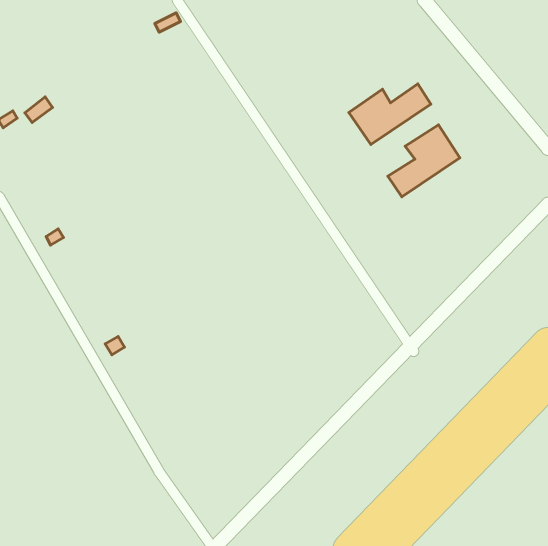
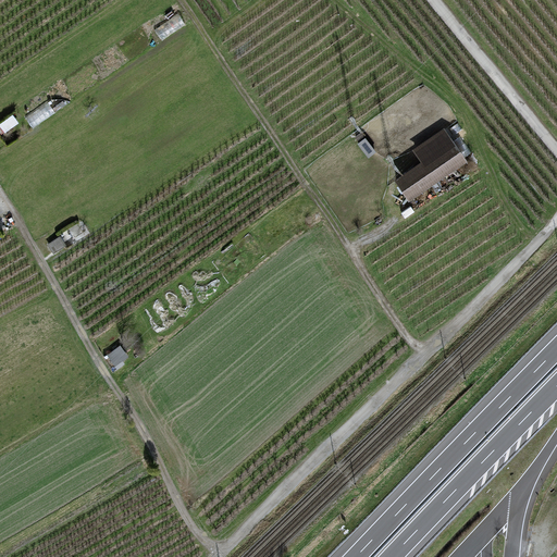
building: [349,84,431,144] -> none

